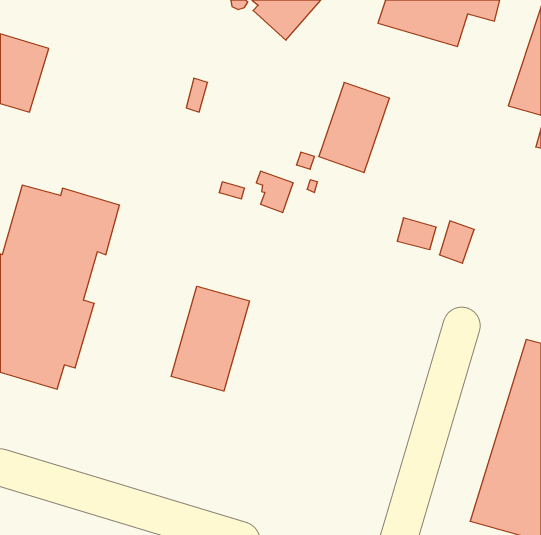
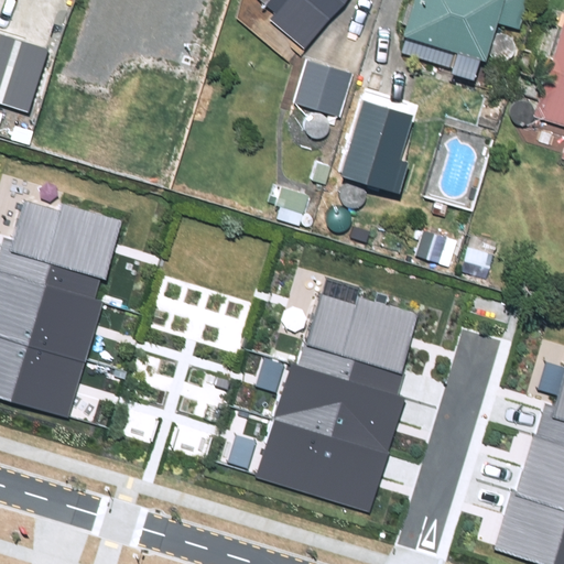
building: none -> [290,61,349,115]
building: none -> [261,292,424,514]
building: [171,286,250,391] -> none

